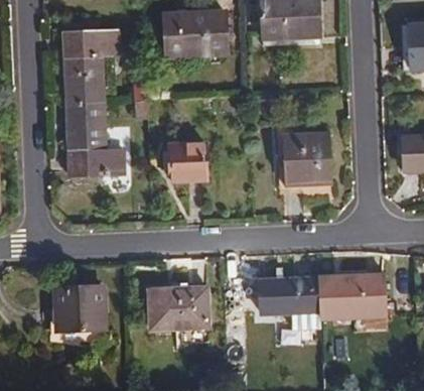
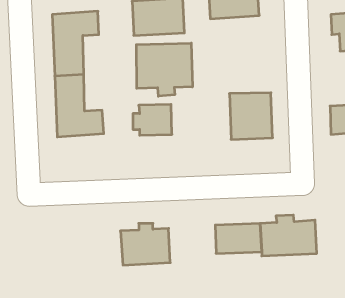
building: none -> [136,43,192,96]
building: [49,290,108,336] -> none

